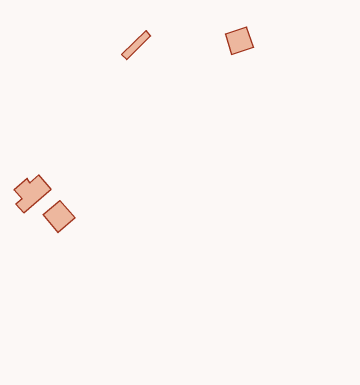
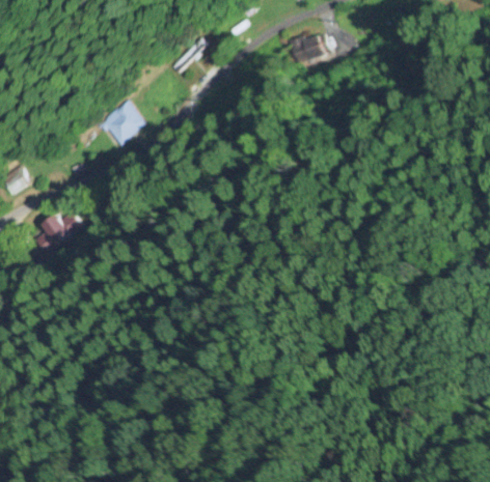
building: none -> [99,100,145,146]
building: [43,201,75,233] -> none

